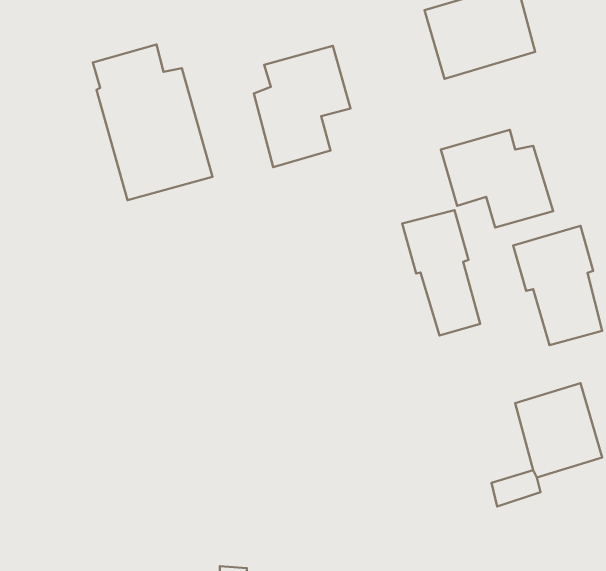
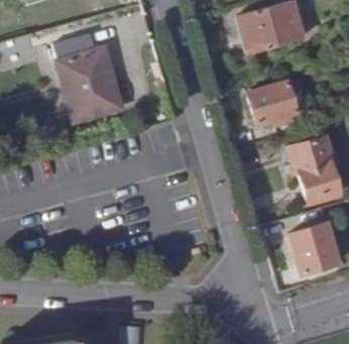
building: [254,46,350,167] -> none
building: [402,210,480,335] -> none

